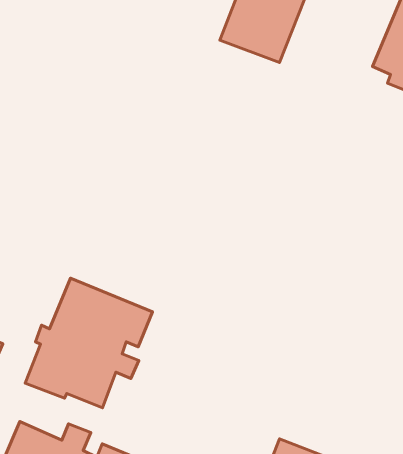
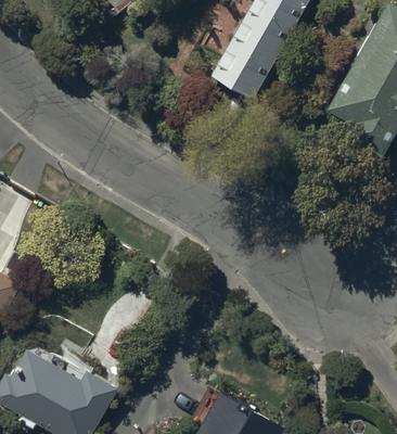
building: [25,278,153,408] -> none

